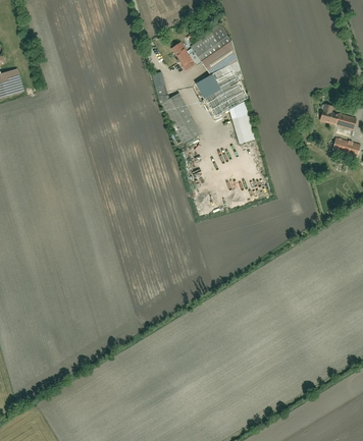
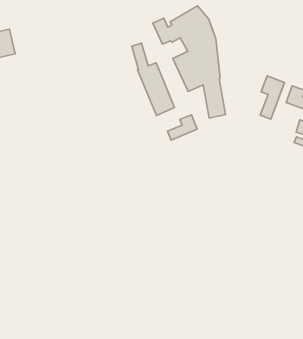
building: none -> [260,76,285,119]
building: none -> [167,115,197,140]

